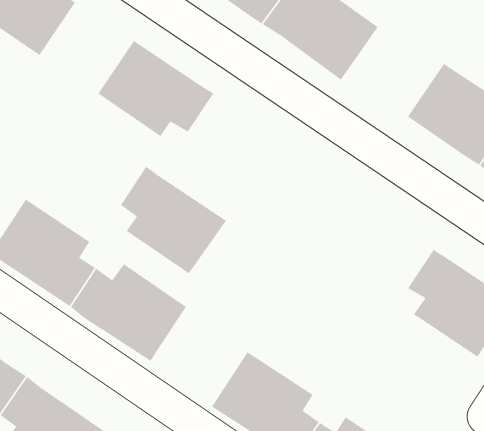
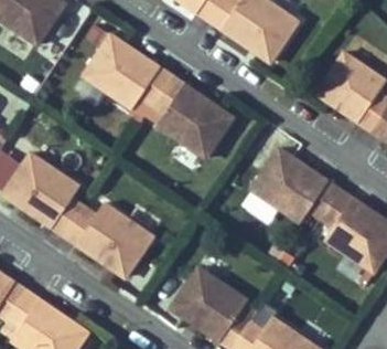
building: [120,166,227,274] -> [151,72,233,155]
building: none -> [249,150,338,224]

